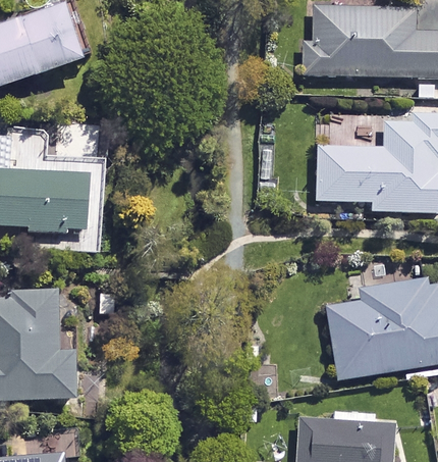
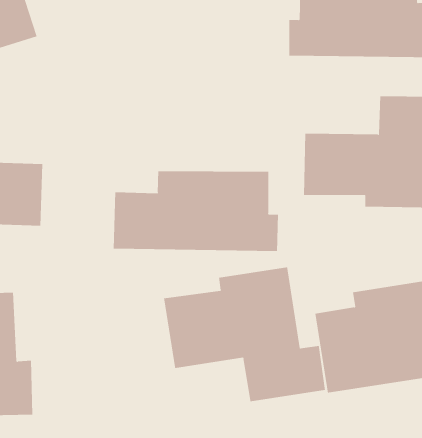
building: none -> [113,170,278,252]
building: none -> [164,266,326,402]

